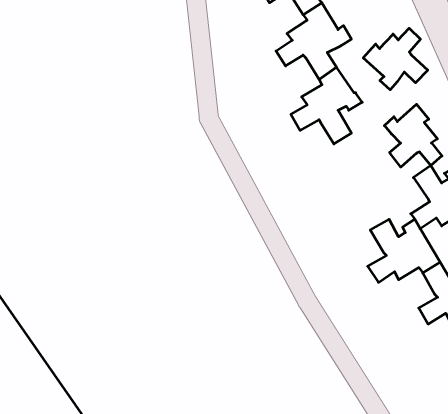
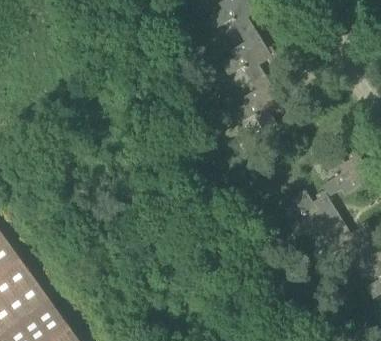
building: [363,28,428,90] -> none
building: [384,104,442,167] -> none

